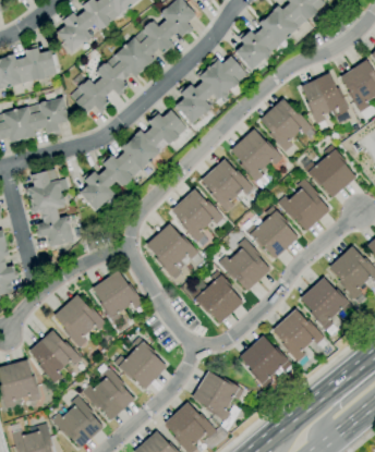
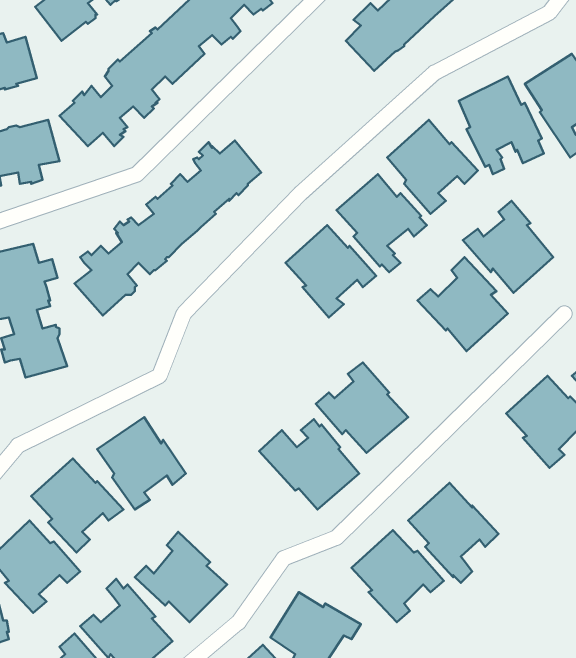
building: [174,57,246,124] -> none
building: [171,190,226,243] -> none
building: [245,206,298,259] -> none
building: [146,224,202,278] -> none
building: [300,277,352,335] -> none

